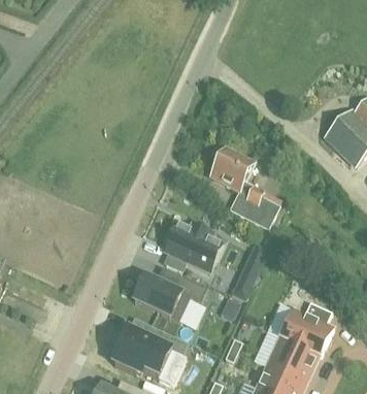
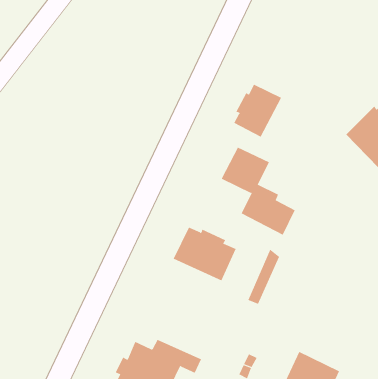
building: none -> [234,84,282,138]
building: [139,277,212,324] -> none
building: [279,302,333,356] -> none

